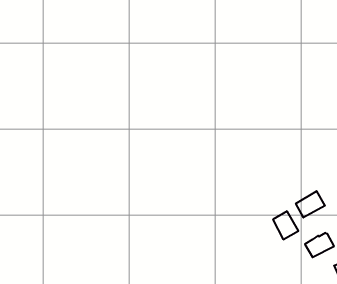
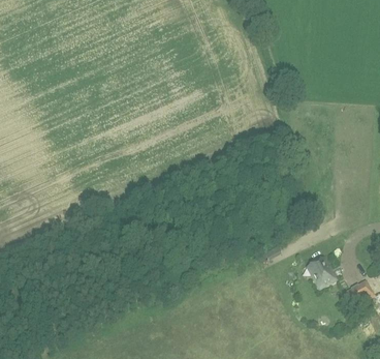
building: [296,191,325,218] -> none

